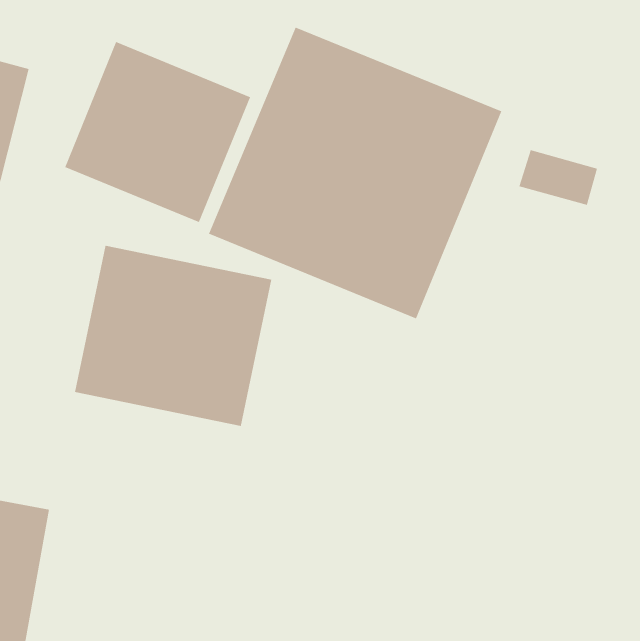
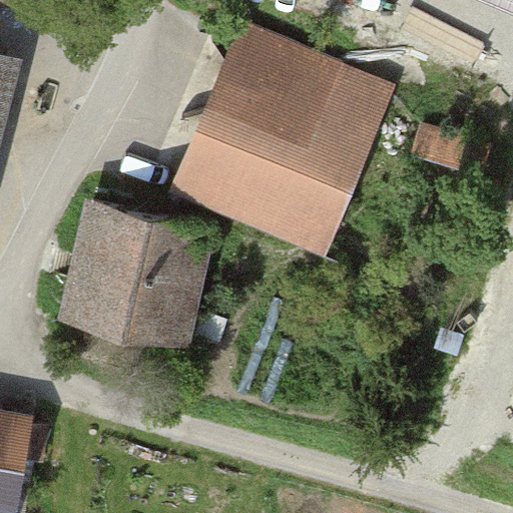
building: [64,41,251,223] -> none

